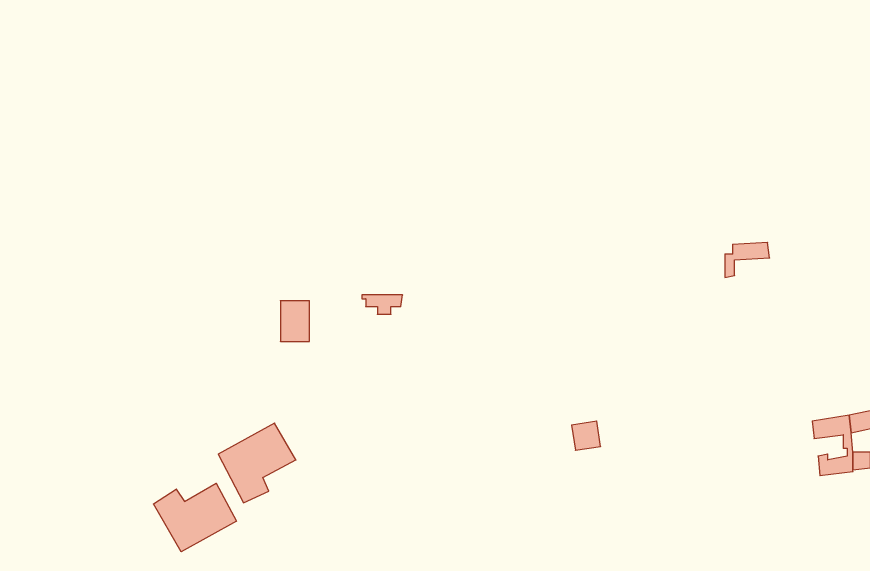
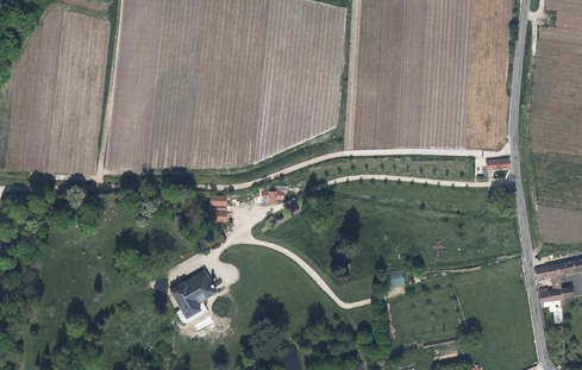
building: [153,483,236,552] -> none

